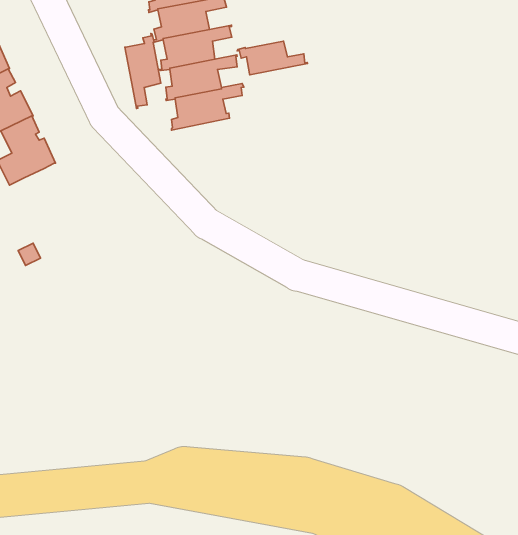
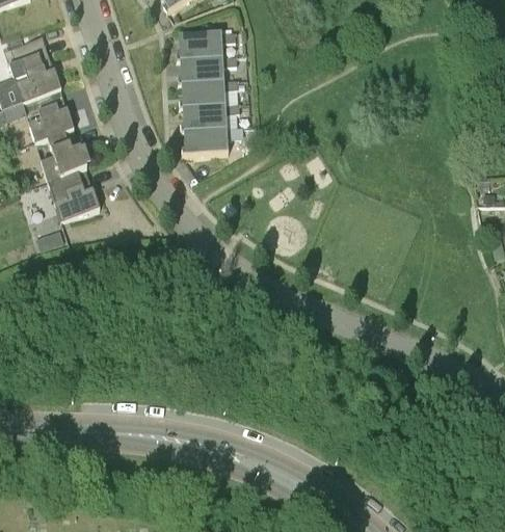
building: [125,33,161,109] -> none
building: [237,41,307,75] -> none
building: none -> [48,168,100,220]

